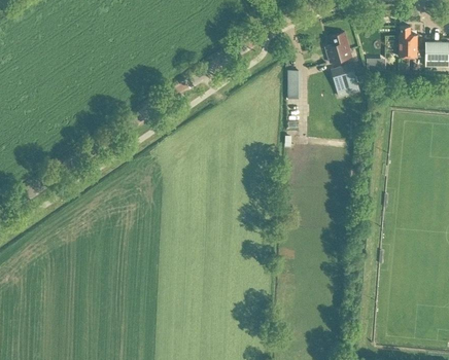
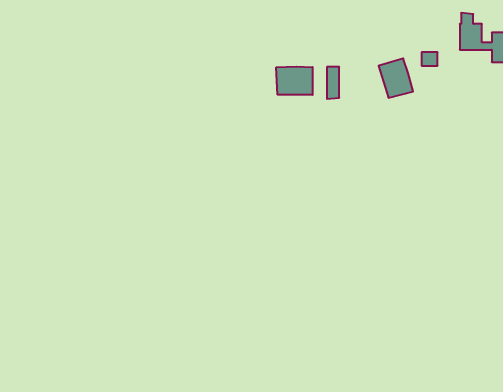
building: [325,31,351,62] -> none
building: none -> [276,67,313,95]

